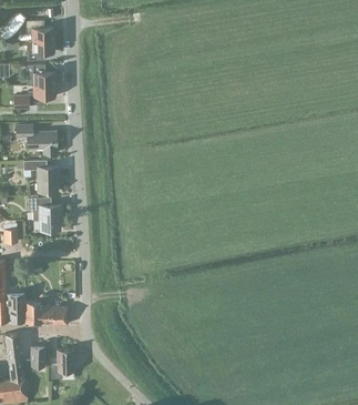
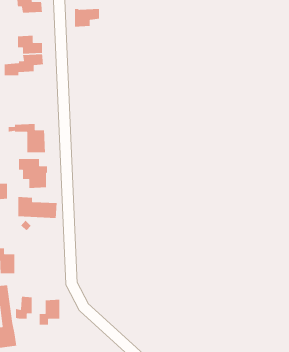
building: [29,37,57,58] -> [74,8,100,28]
building: [18,122,59,151] -> none
building: [27,297,70,322] -> [17,196,58,219]

